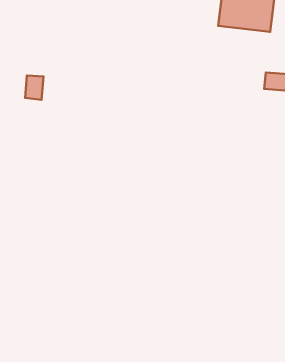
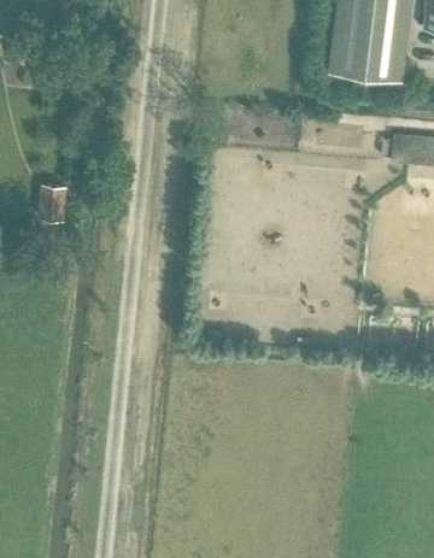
building: [25,76,43,100] -> [39,188,64,222]

